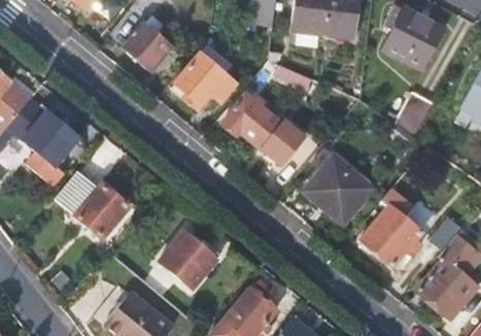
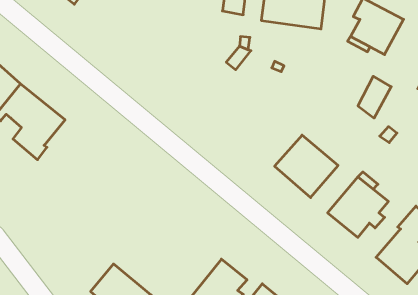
building: [124,22,172,70] -> none
building: [171,49,235,106] -> none
building: [222,94,306,164] -> none
building: [54,173,128,238] -> none
building: [157,228,220,289] -> none

